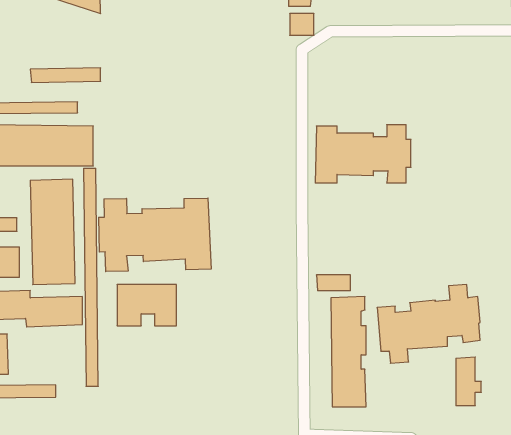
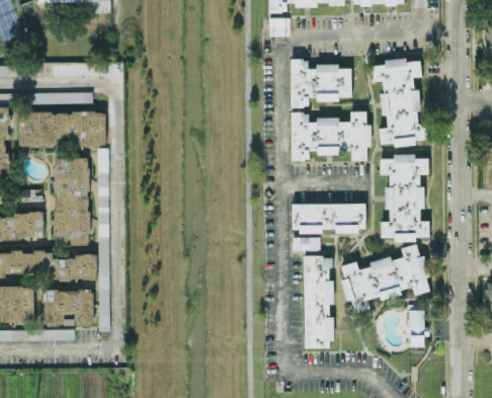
building: none -> [373,58,428,147]
building: none -> [291,59,351,106]
building: none -> [379,153,430,243]
building: [99,198,211,272] -> none
building: none -> [292,203,365,232]
building: [117,285,176,326] -> [44,290,93,324]

